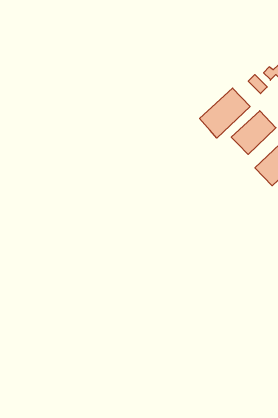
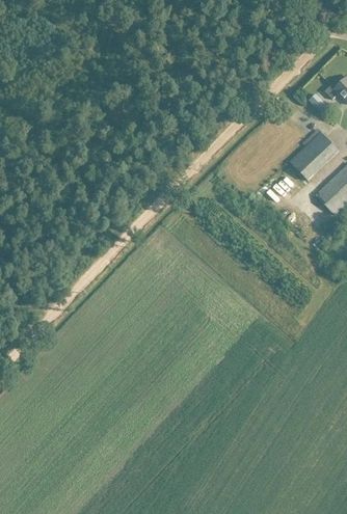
building: [200,88,250,138] -> none

